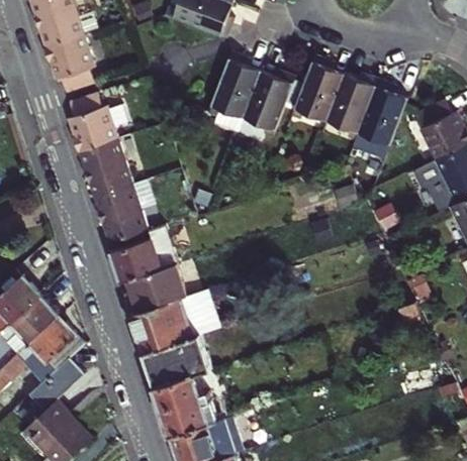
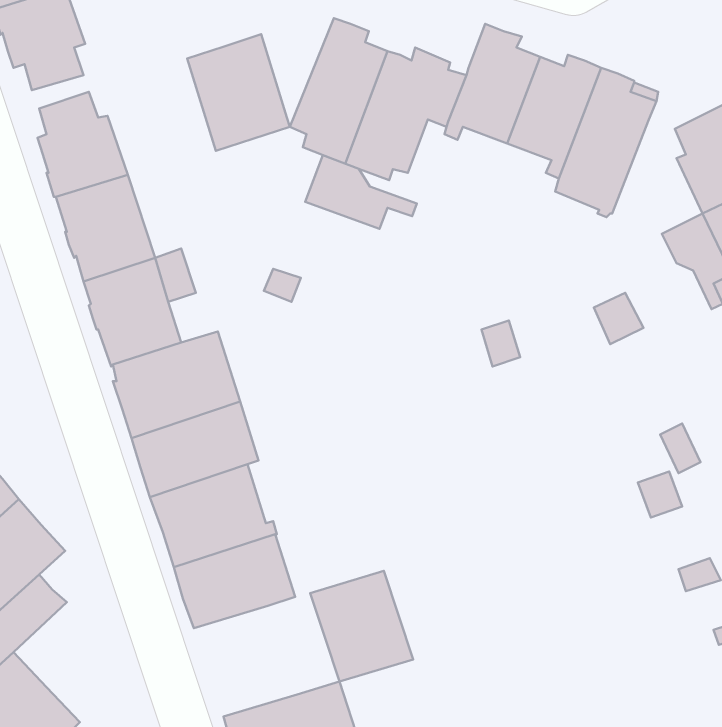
building: none -> [187,34,290,151]
building: none -> [305,155,417,229]
building: [183,287,221,334] -> none
building: [154,373,210,434] -> [310,571,413,682]

